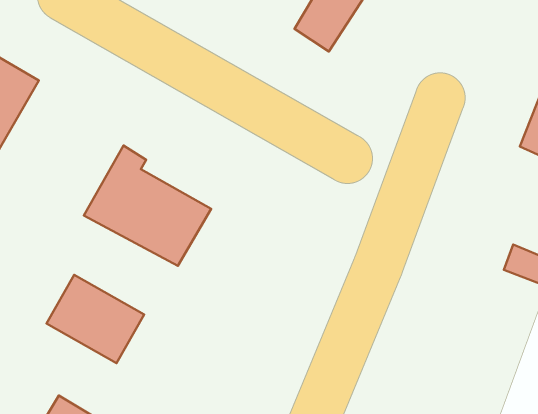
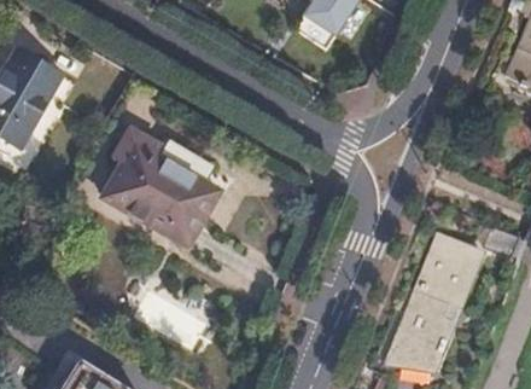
building: none -> [387,234,482,367]
building: [47,275,144,363] -> none

